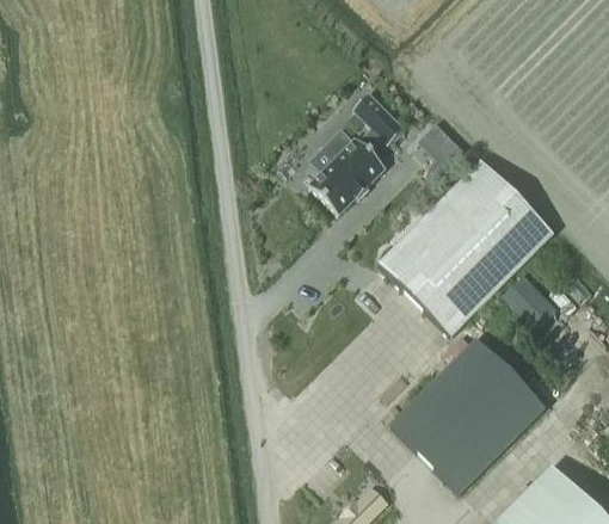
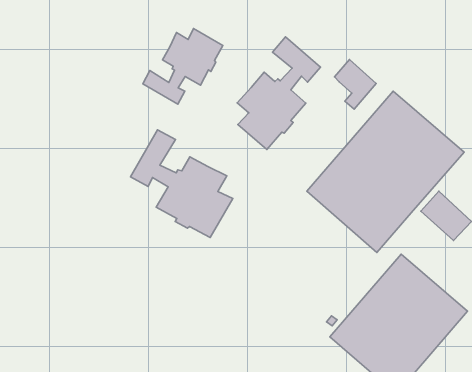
building: none -> [143,28,223,104]
building: none -> [130,130,233,238]

